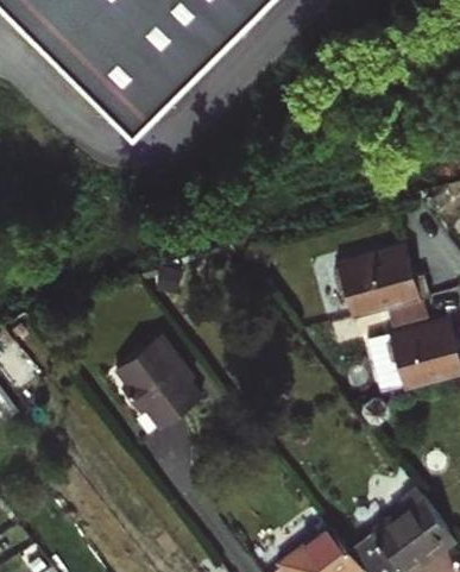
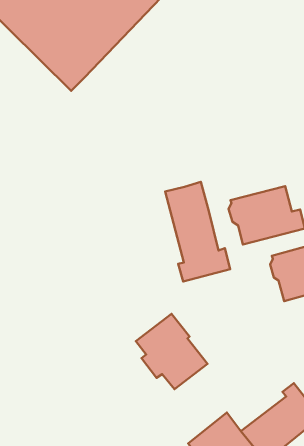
building: none -> [165,182,230,281]
building: [105,334,195,429] -> [136,314,207,389]

